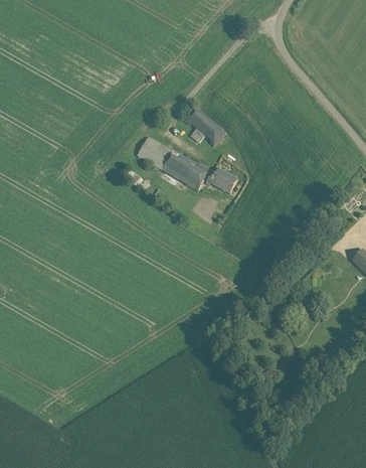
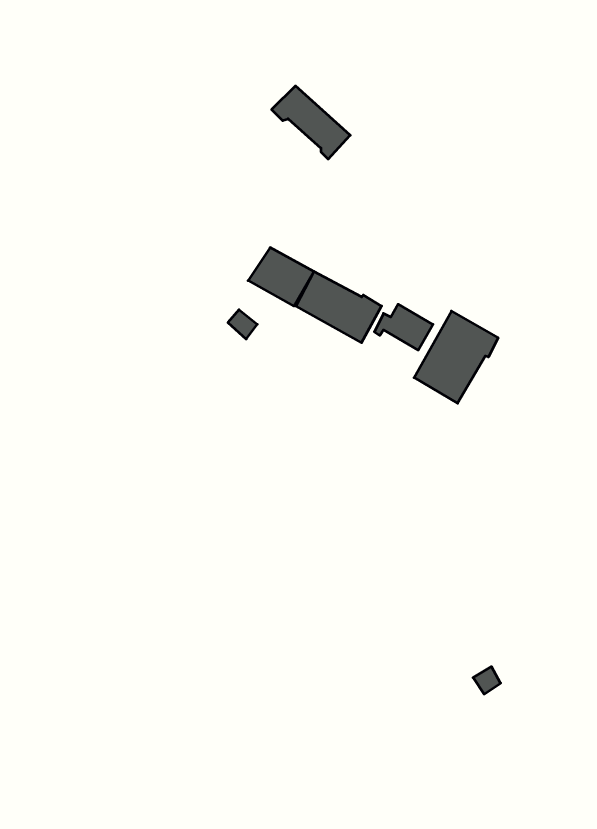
building: [183,107,226,147] -> [272,86,350,159]
building: none -> [414,311,498,403]

